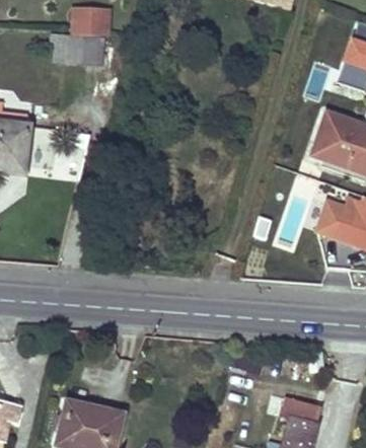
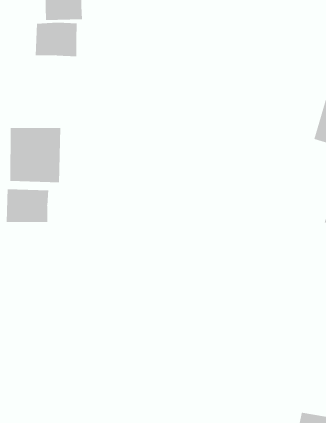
building: none -> [6,188,49,223]

